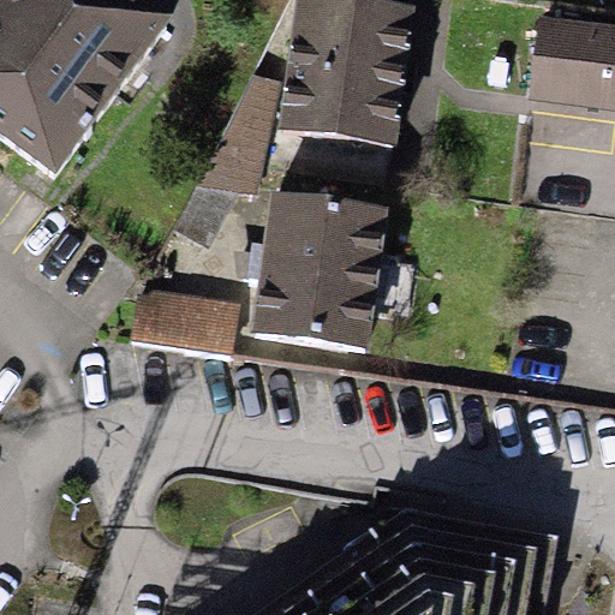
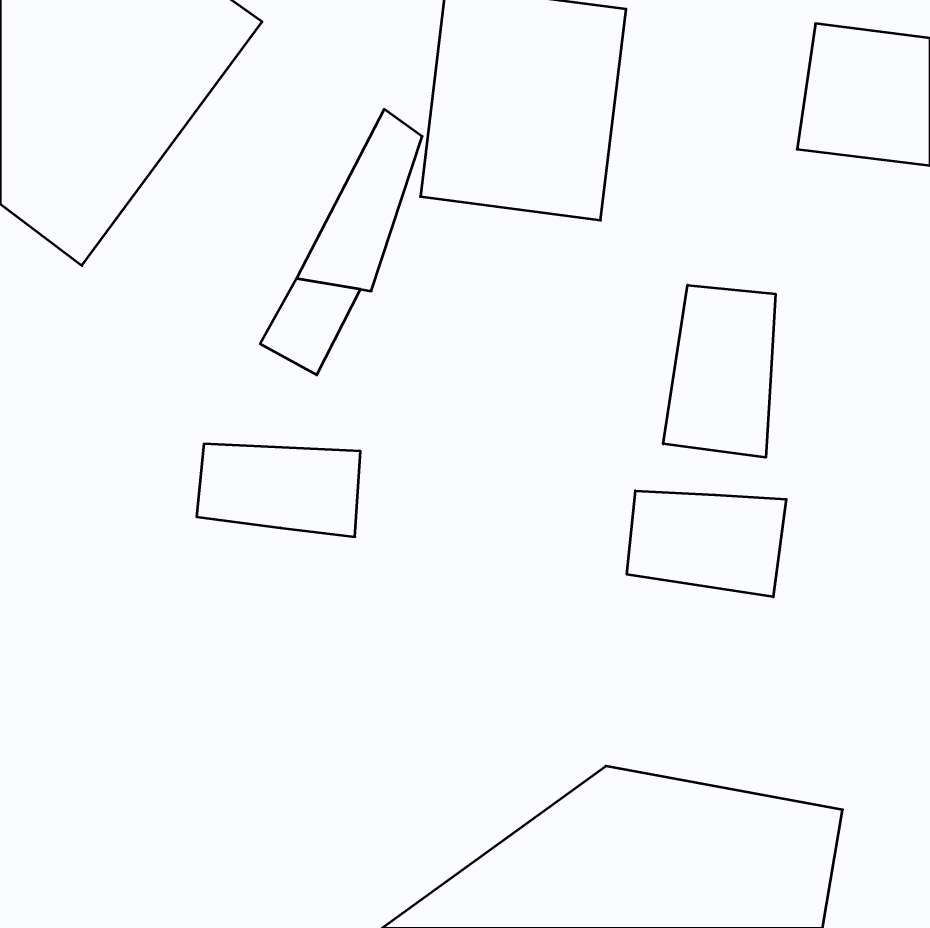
building: none -> [663,285,775,457]
building: [245,191,387,350] -> none
building: none -> [627,491,786,597]

